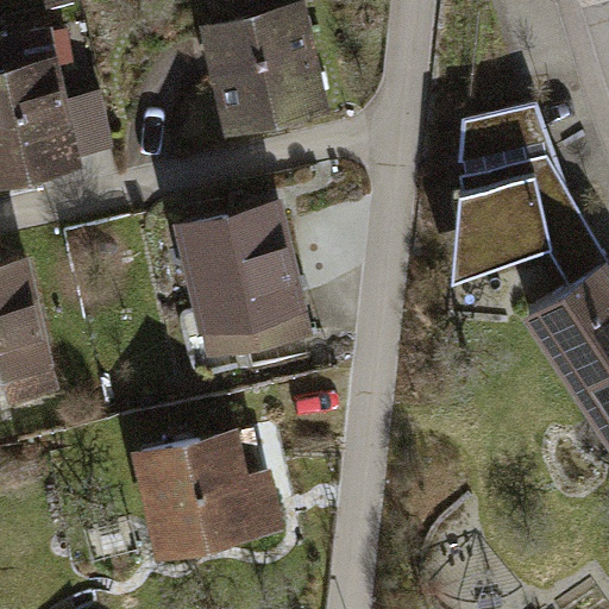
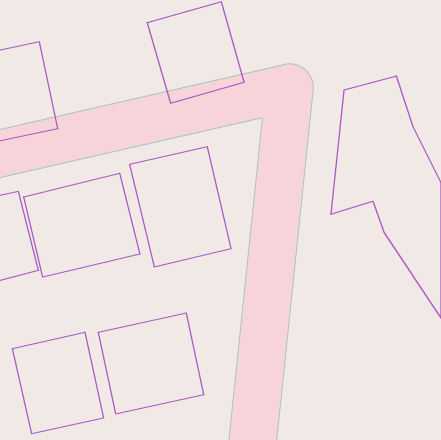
building: none -> [24,173,140,277]
building: none -> [13,332,104,434]

